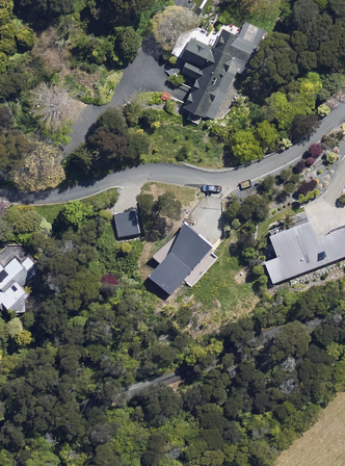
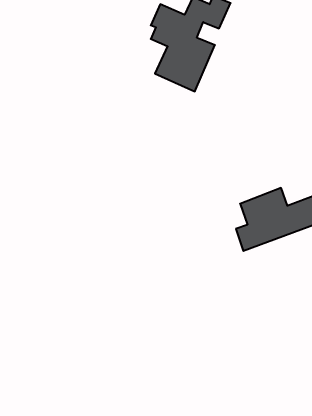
building: [111,210,141,239] -> none
building: [149,222,214,296] -> none

